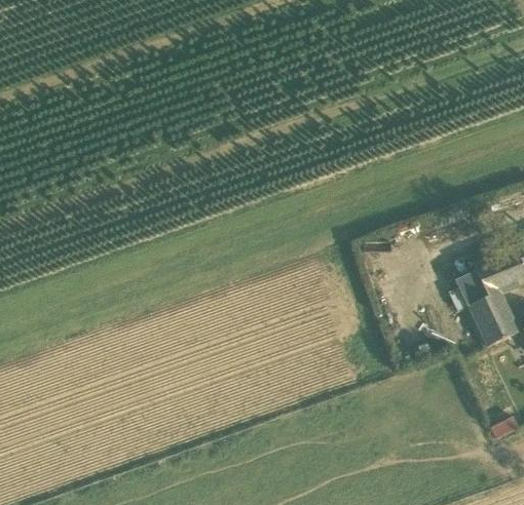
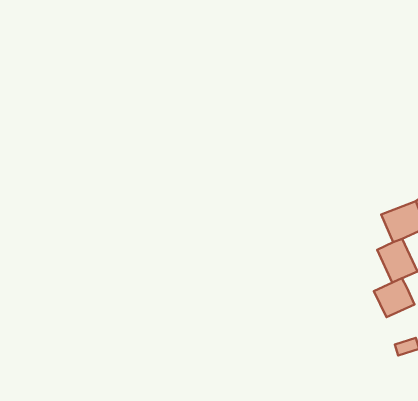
building: [455,265,490,308] -> none
building: none -> [374,278,415,317]

